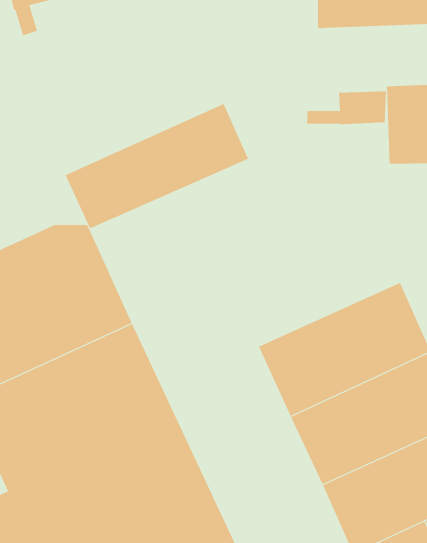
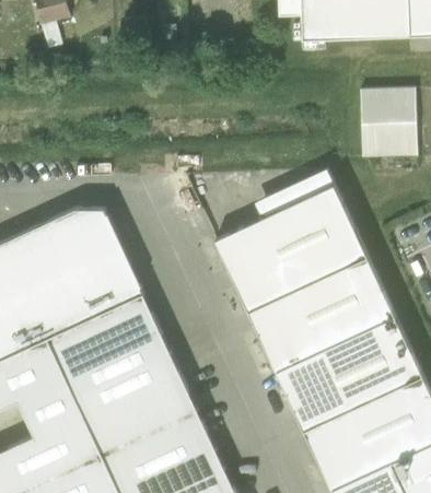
building: [307,91,386,125] -> none
building: [65,103,249,229] -> none
building: none -> [216,169,370,312]

